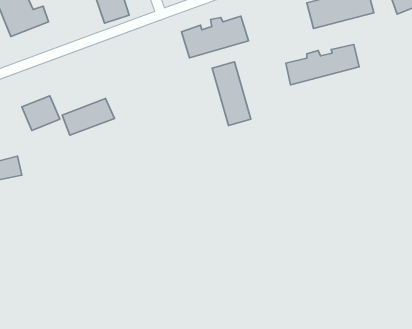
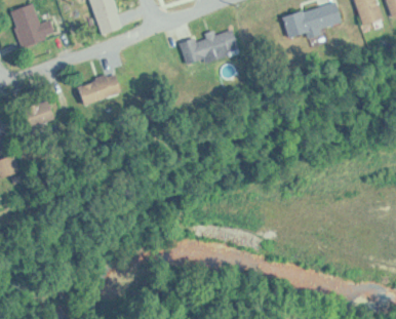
building: [286,45,359,85] -> none
building: [212,62,251,126] -> none
building: [62,98,115,135] -> [69,73,117,107]

